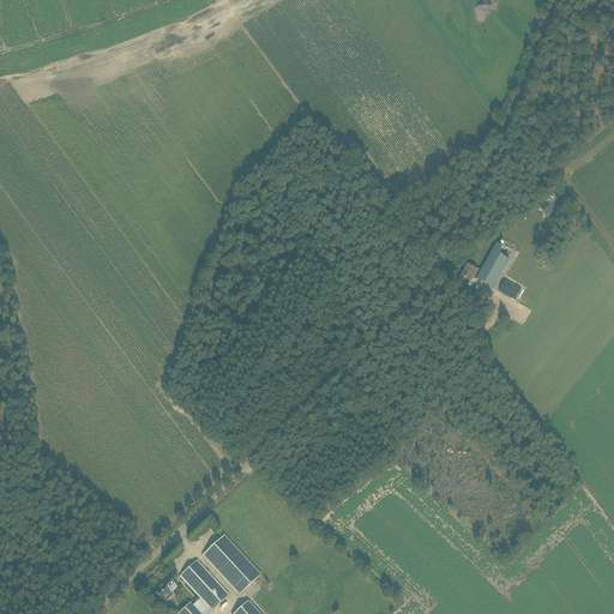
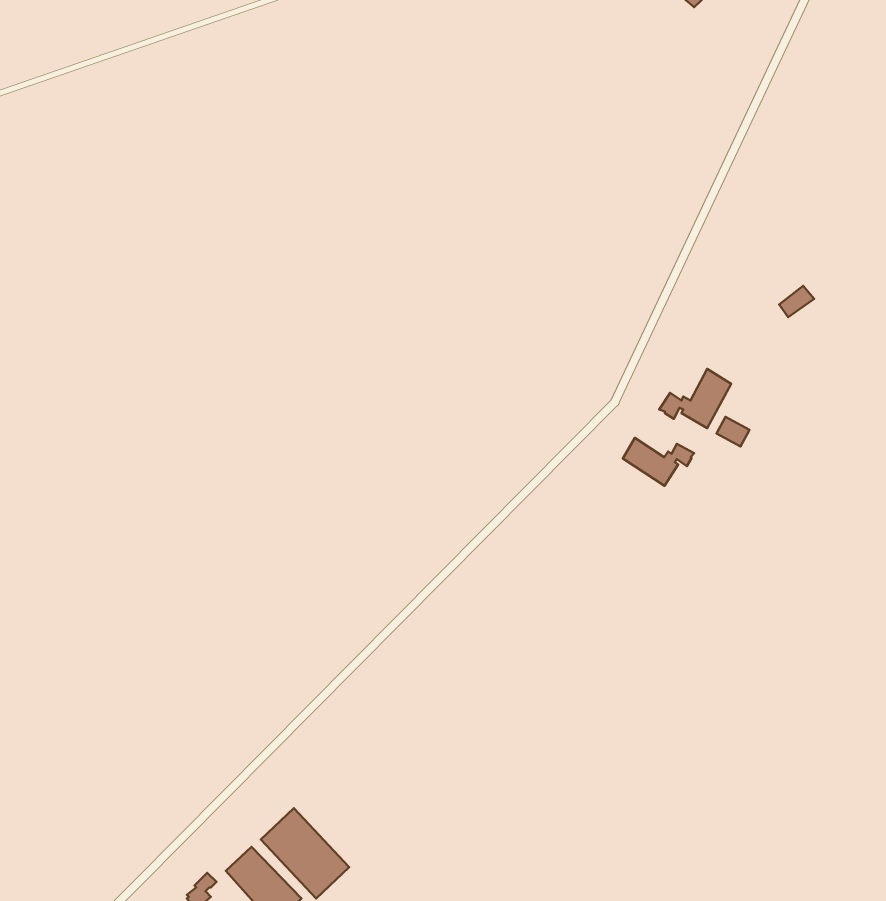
building: none -> [623,438,694,486]

